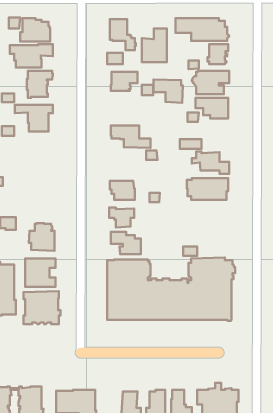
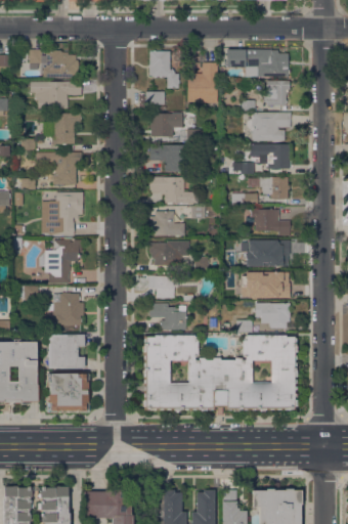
building: [154,79,183,103] -> [150,144,185,172]
building: none -> [259,176,290,199]
building: none -> [42,190,84,235]
building: none -> [149,211,184,235]
building: none -> [45,239,82,283]
building: none -> [242,271,290,299]
building: none -> [255,303,290,328]

